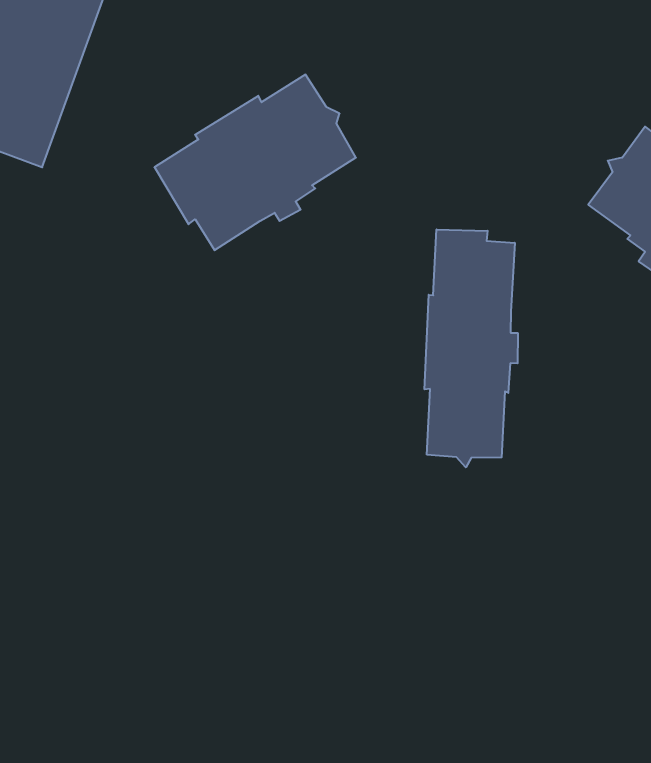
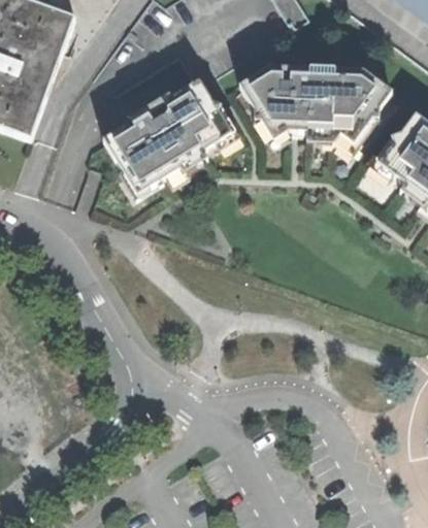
building: none -> [241,63,394,140]
building: [425,229,518,467] -> none

